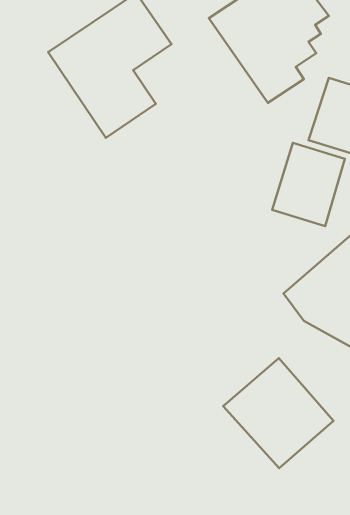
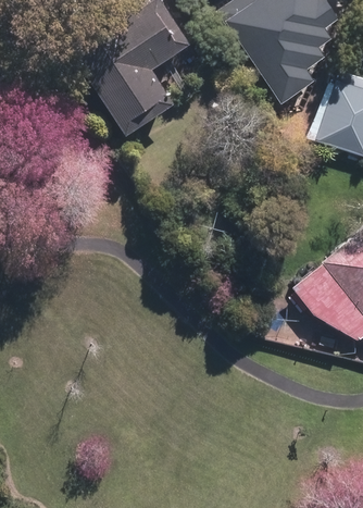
building: [272,143,345,226] -> none
building: [223,358,333,468] -> none

